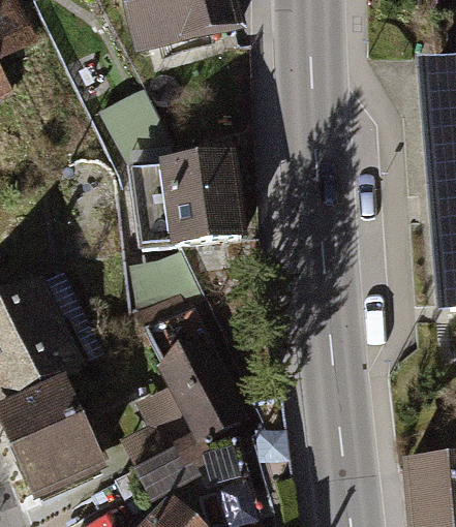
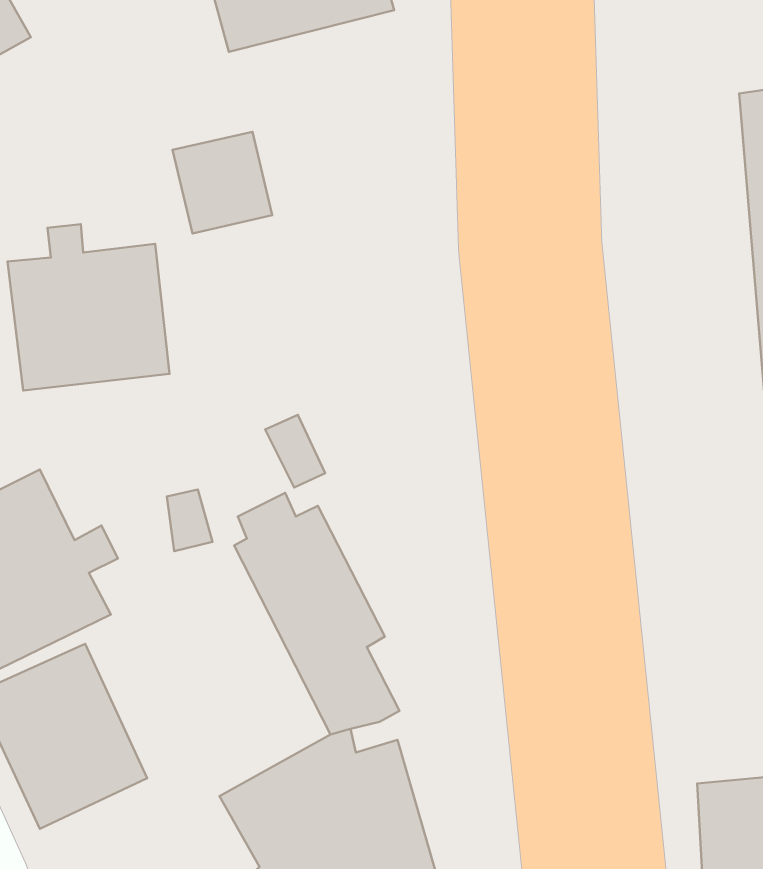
building: none -> [7,224,169,390]
building: [129,160,238,249] -> none

